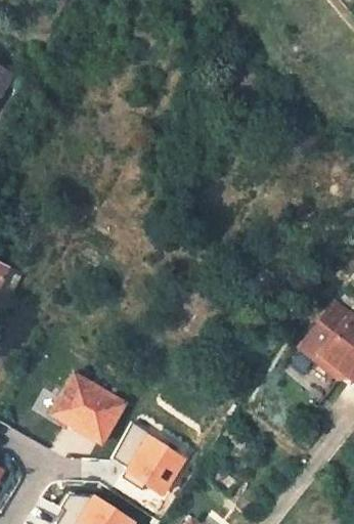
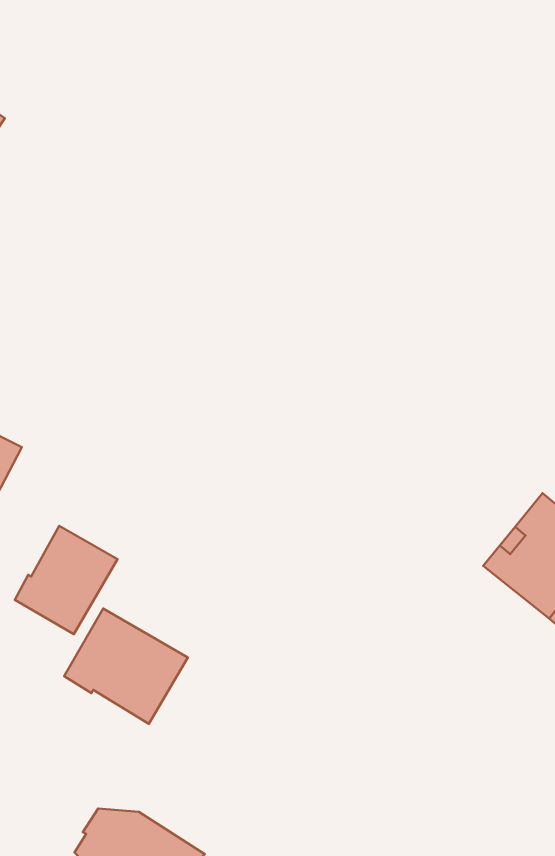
building: none -> [15,526,118,634]
building: [114,421,183,492] -> none

